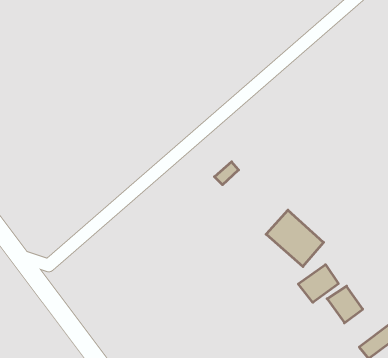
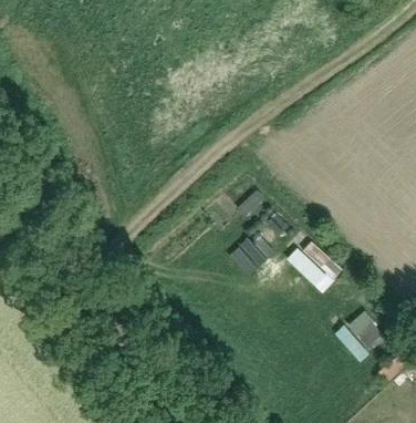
building: none -> [229,239,266,276]
building: [298,265,338,302] -> none

